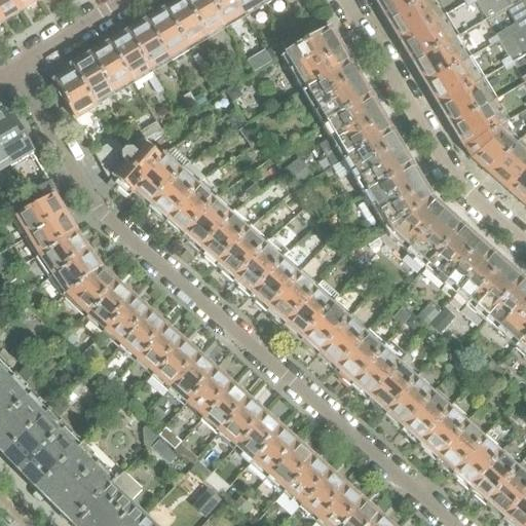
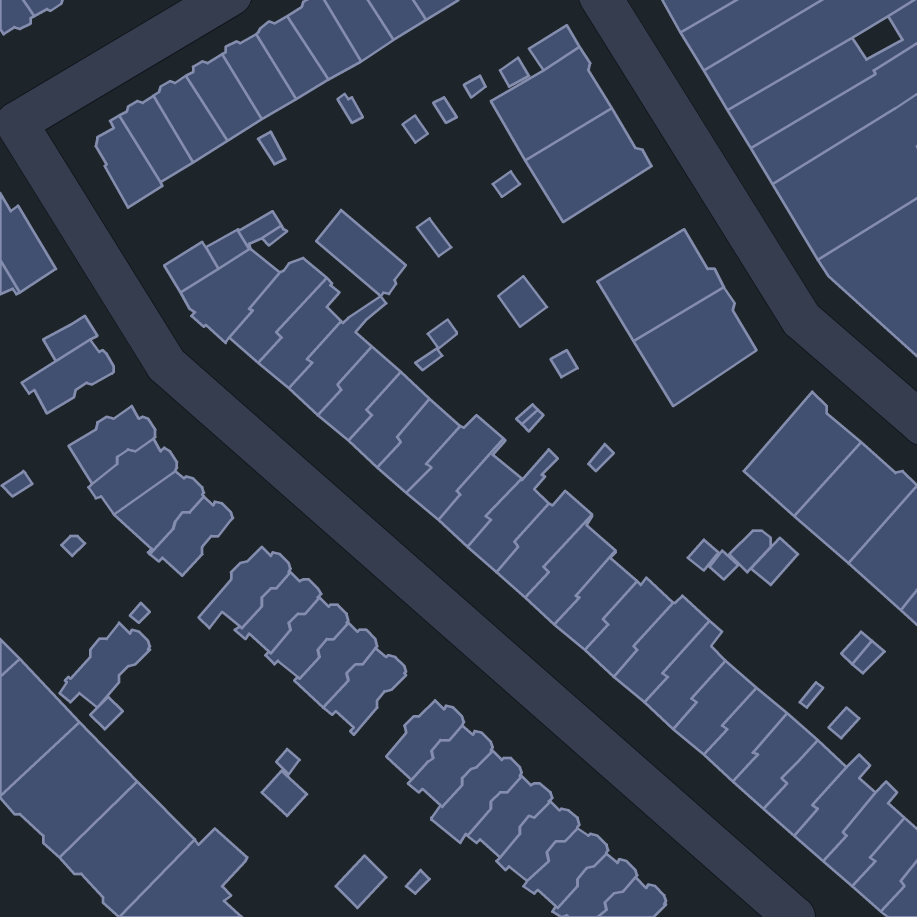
building: [324,95,392,160] -> none
building: none -> [316,210,406,296]
building: [386,199,465,268] -> none
building: [28,213,79,254] -> none
building: [101,296,152,344] -> [60,623,150,708]
building: [204,384,251,430] -> none

